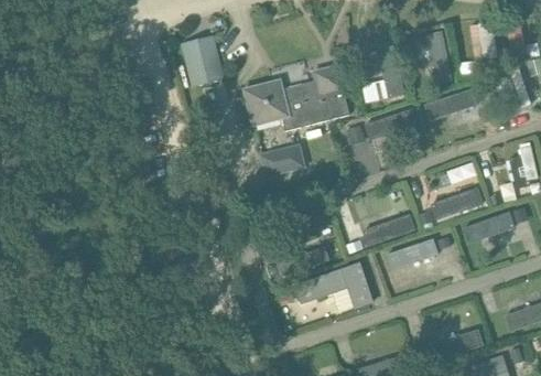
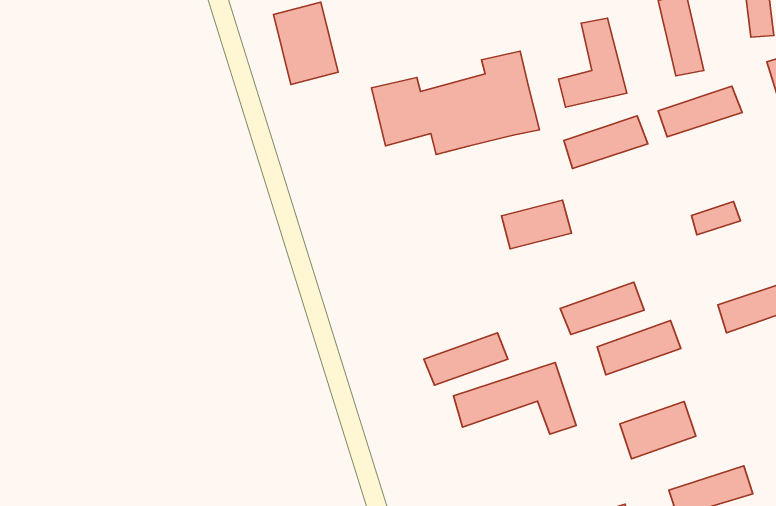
building: [260,146,304,176] -> [501,200,571,249]
building: [431,185,483,218] -> none
building: none -> [620,401,696,459]

